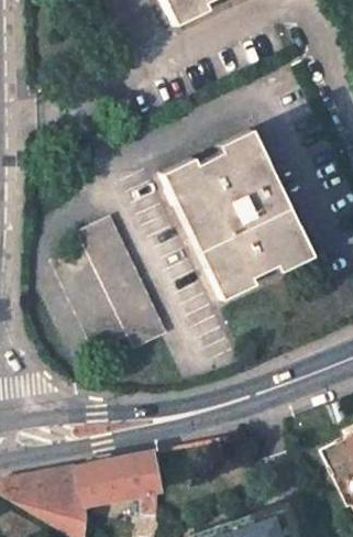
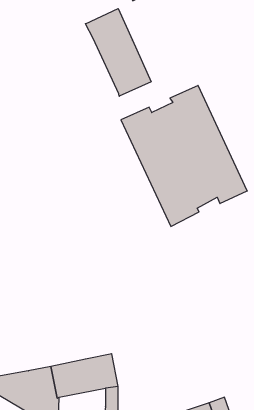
building: none -> [85,9,151,96]
building: [57,216,165,348] -> none

